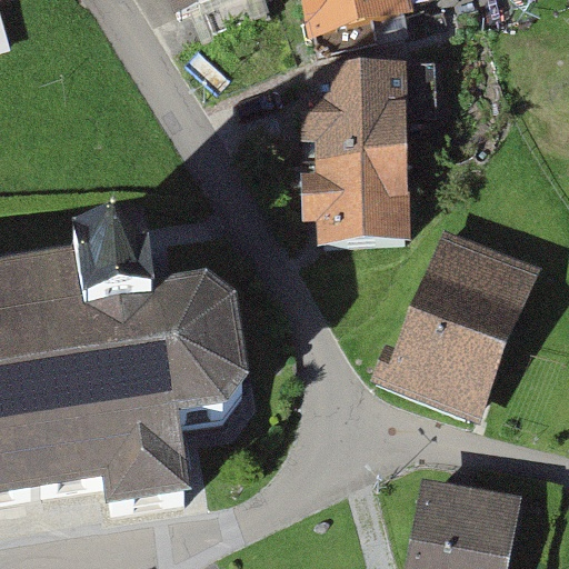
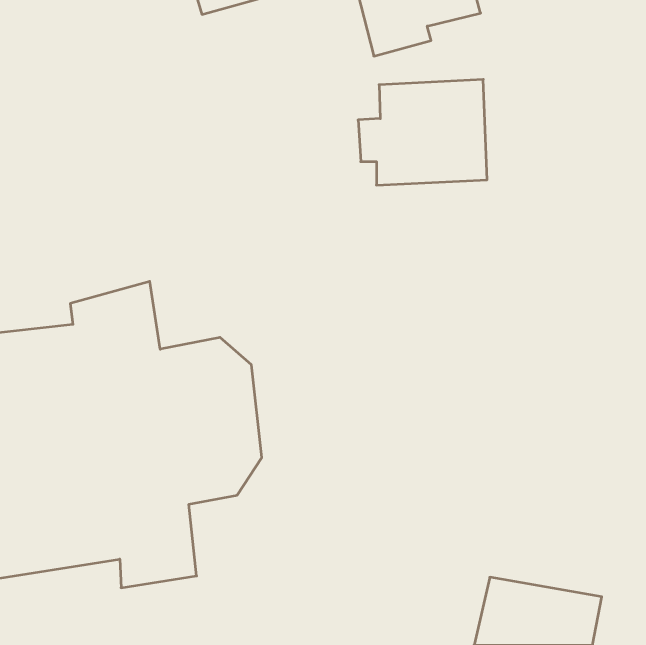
building: [311,153,420,246] -> none
building: [367,232,540,423] -> none

